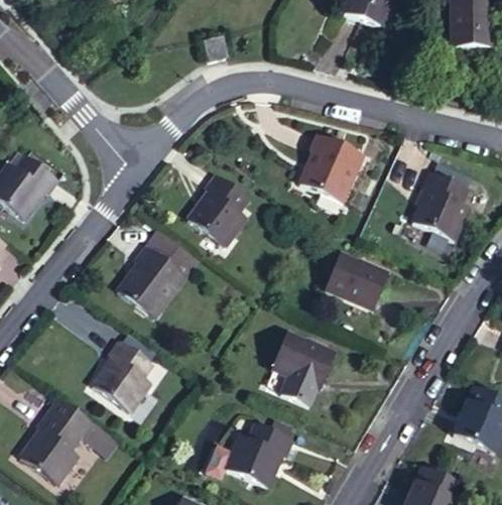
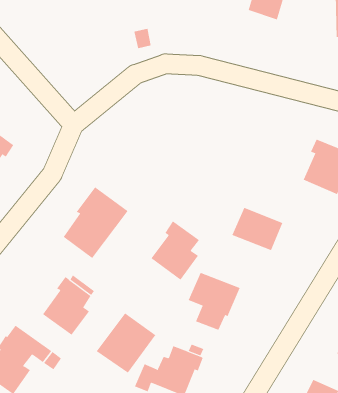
building: [300,134,364,203] -> none
building: [187,172,248,246] -> [150,220,200,280]
building: none -> [96,312,156,373]

